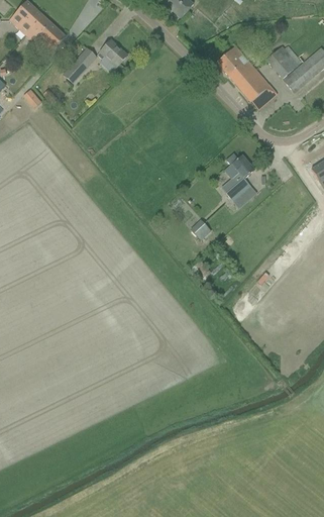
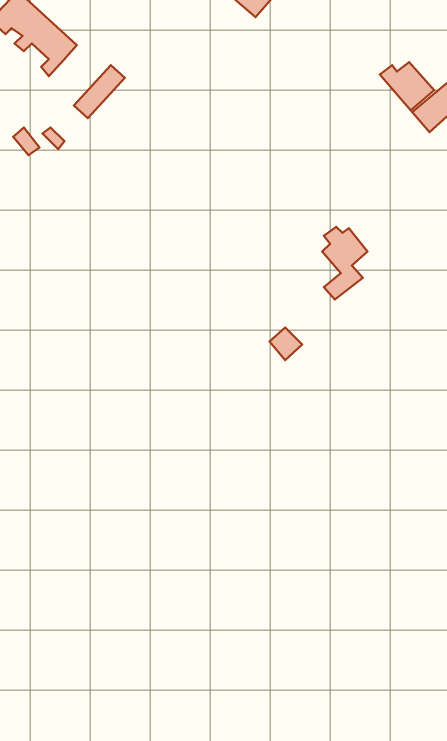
building: [97,39,127,67] -> none
building: [217,45,277,109] -> none

